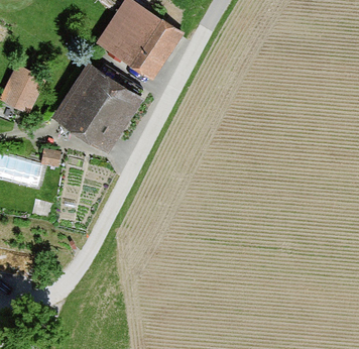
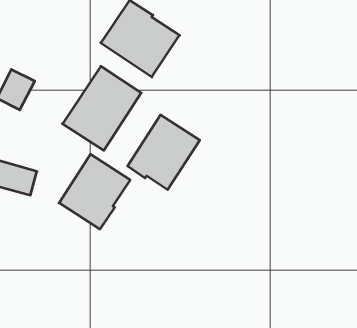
building: none -> [128,115,200,190]
building: none -> [59,154,130,229]

